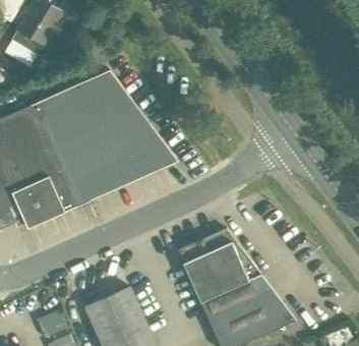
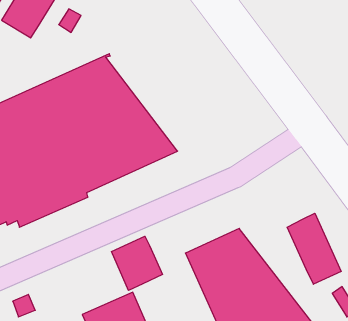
building: none -> [287,213,341,284]
building: none -> [111,236,162,290]

